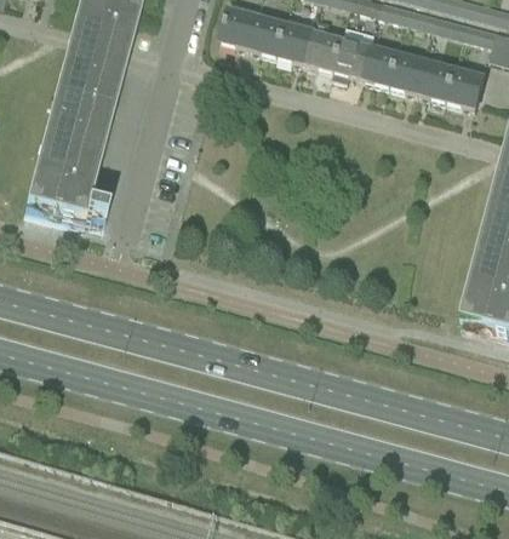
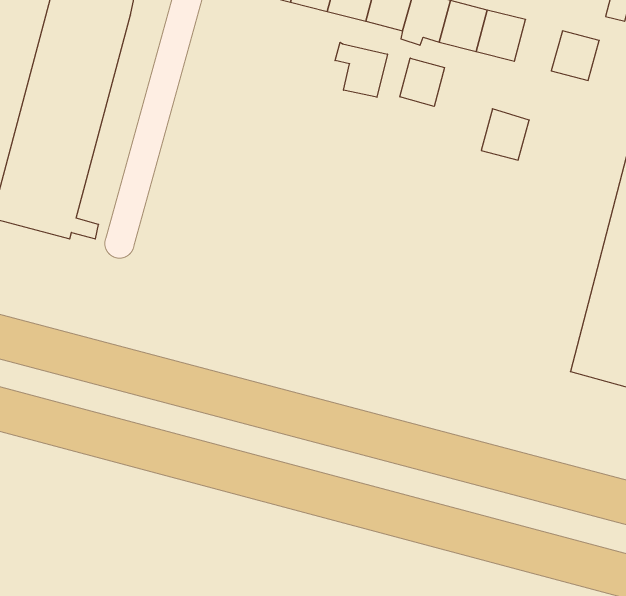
building: [421,59,457,98] -> [481,109,529,160]
building: none -> [335,42,387,97]
building: none -> [400,58,445,106]

